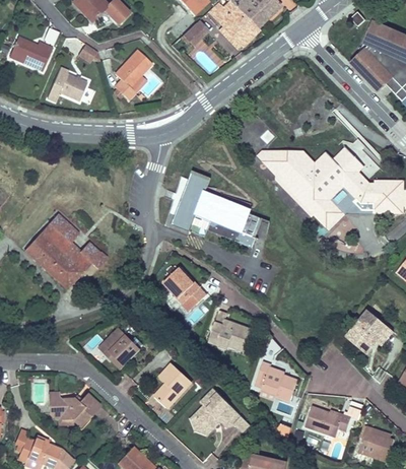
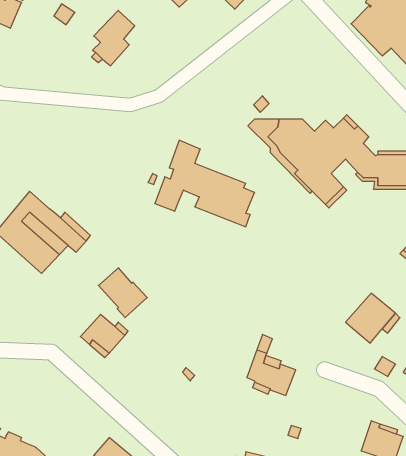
building: [48,66,87,102] -> none
building: [163,266,208,312] -> [98,268,147,318]
building: [208,310,254,351] -> none
building: [153,362,193,409] -> none
building: [191,388,252,436] -> none
building: [50,392,100,427] -> none
building: [306,400,364,438] -> none

